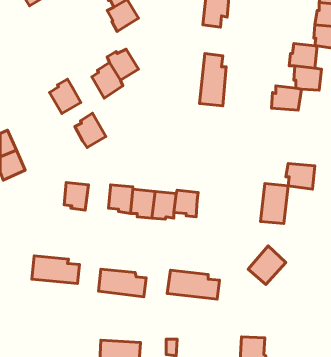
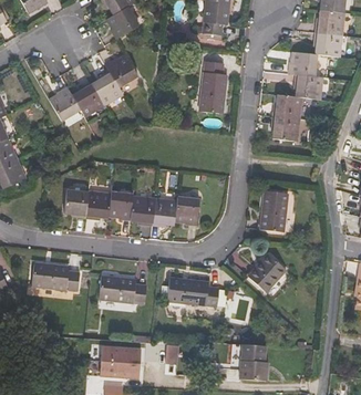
building: [75,113,106,148] -> [73,82,104,116]
building: [286,164,315,189] -> [269,115,298,141]
building: none -> [85,191,111,219]

